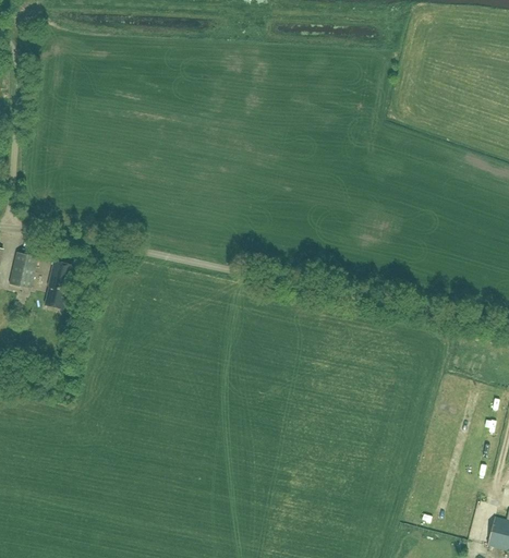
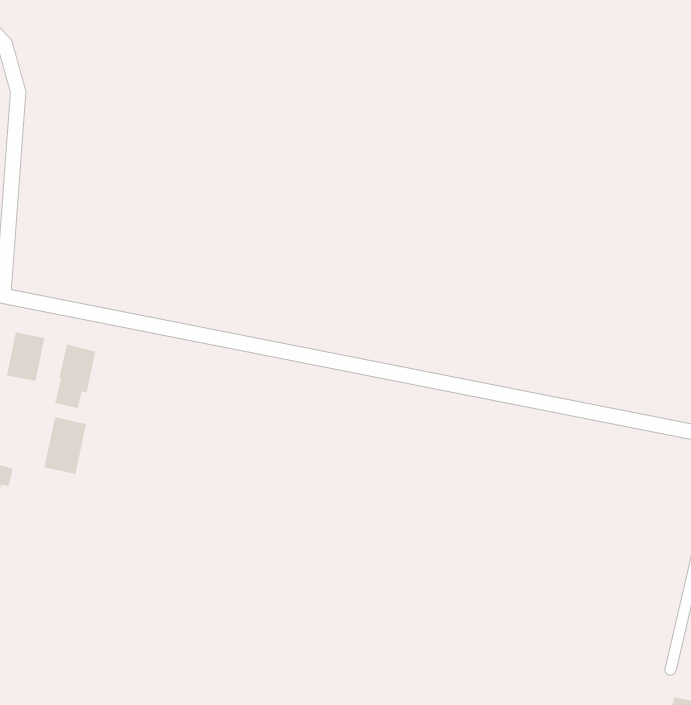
building: none -> [44,416,87,475]

